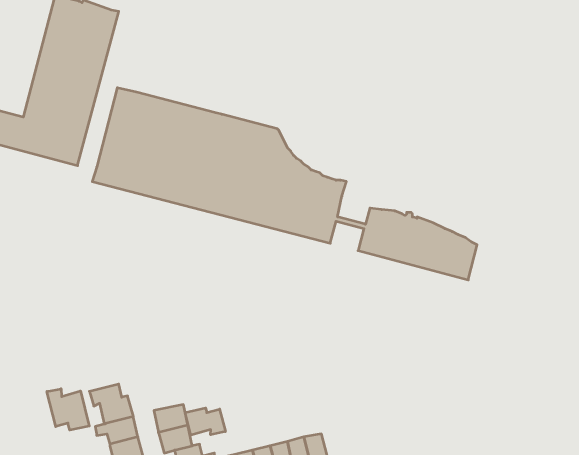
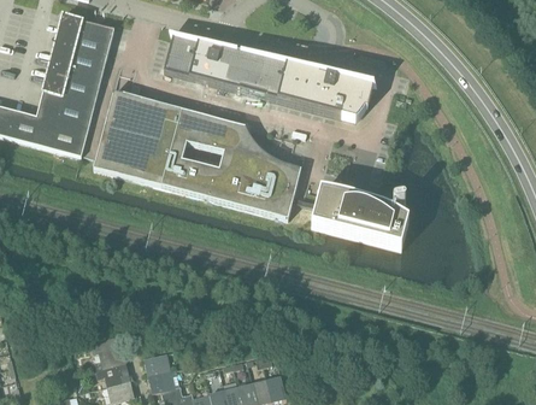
building: none -> [164,35,373,121]
building: [47,389,89,430] -> none
building: [185,408,225,435] -> none

